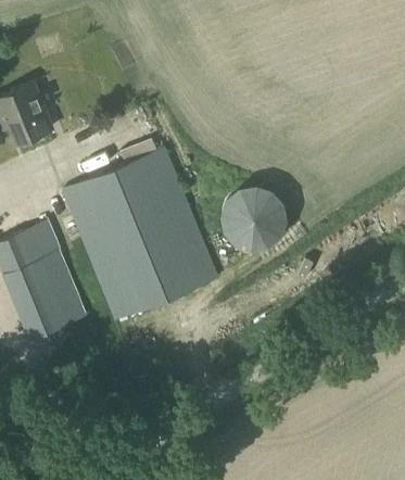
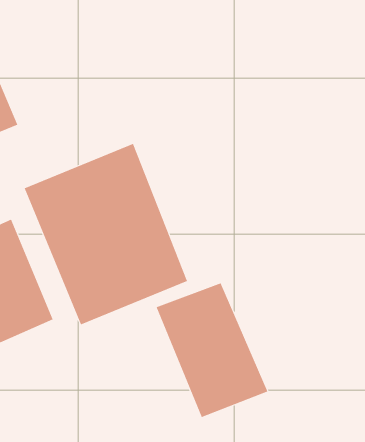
building: [224,187,286,248] -> none
building: none -> [156,283,268,418]

